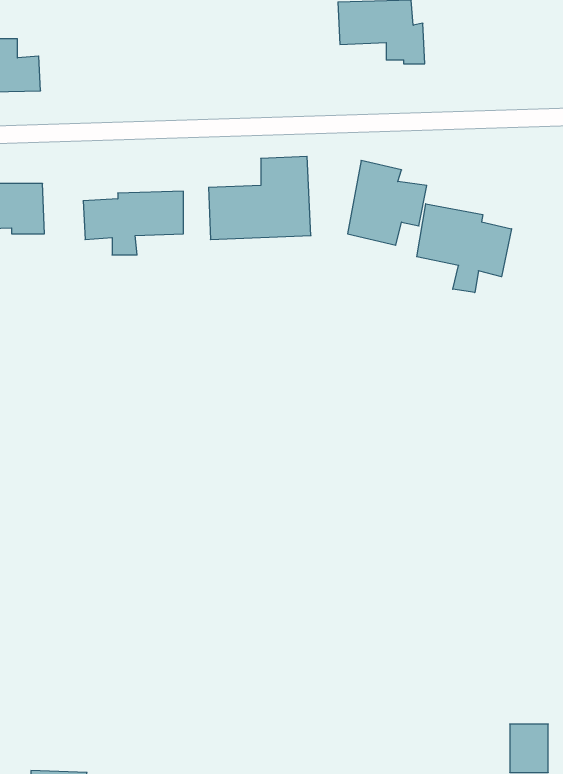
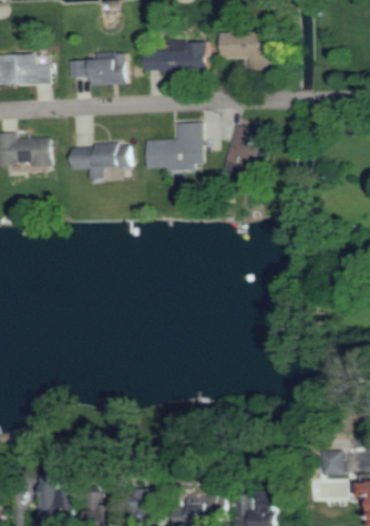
building: none -> [141,41,205,80]
building: none -> [65,53,125,87]
building: [417,204,512,293] -> none

